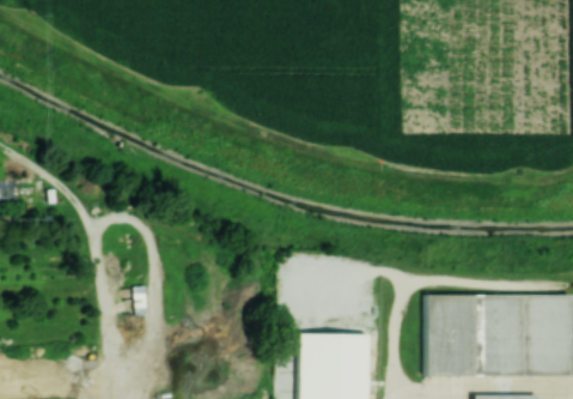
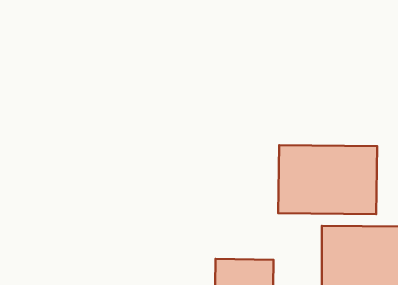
building: none -> [278,145,377,214]

